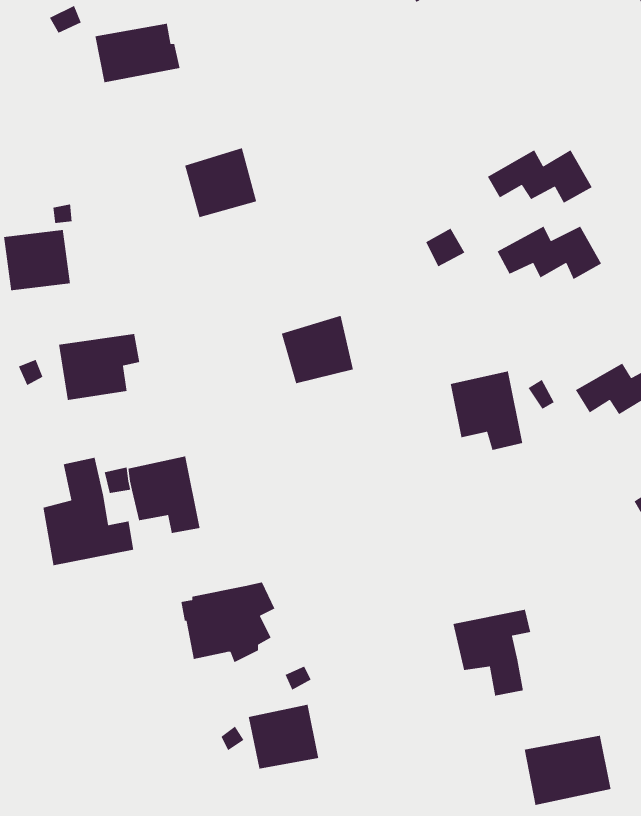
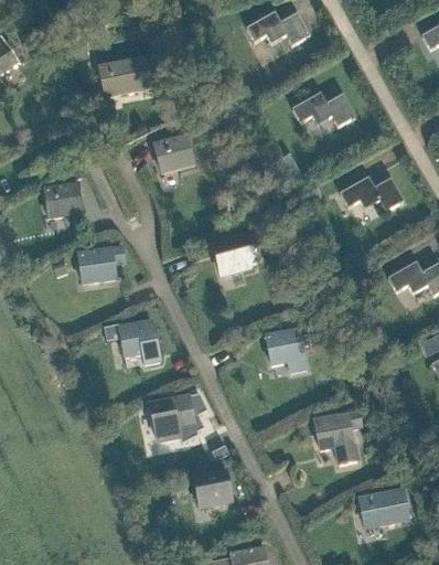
building: [487,149,593,204] -> [292,94,356,127]
building: [450,371,523,451] -> [265,326,309,374]
building: [43,457,134,566] -> none

